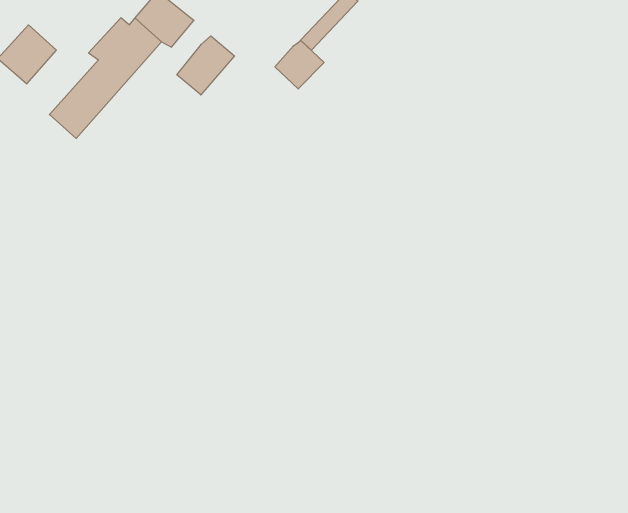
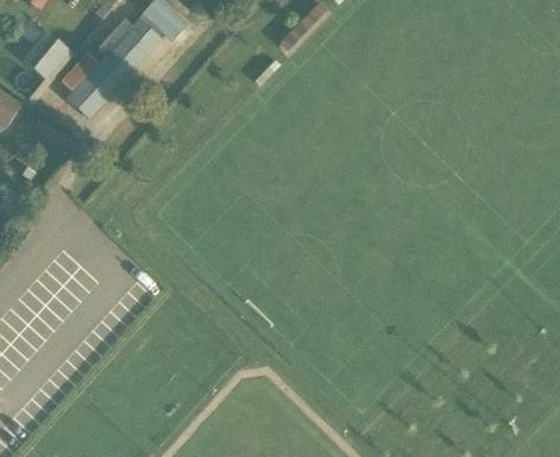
building: [177,36,235,95] -> none
building: [275,41,324,89] -> none

